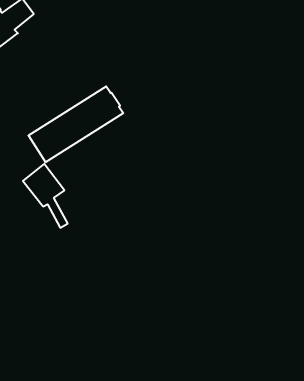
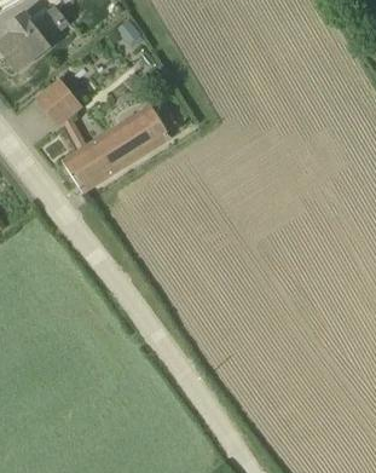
building: [23,164,68,228] -> [35,79,86,151]

